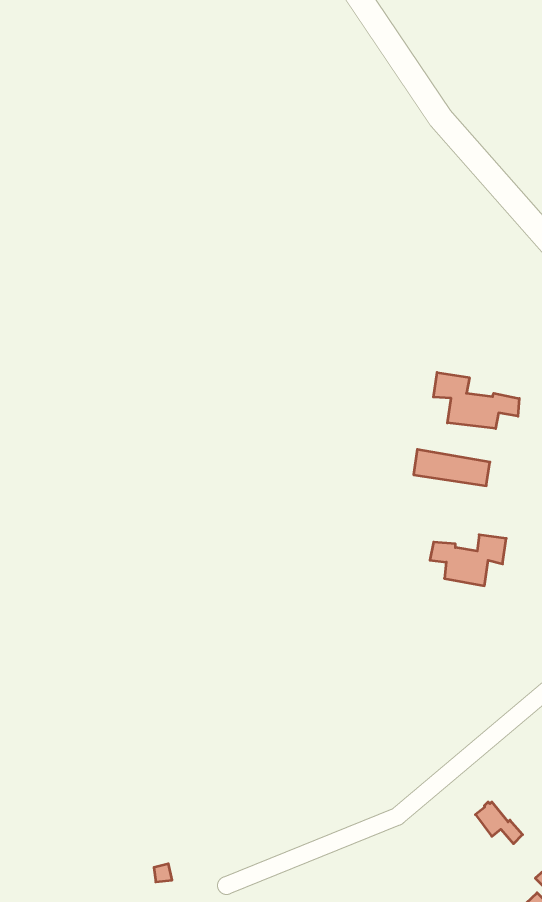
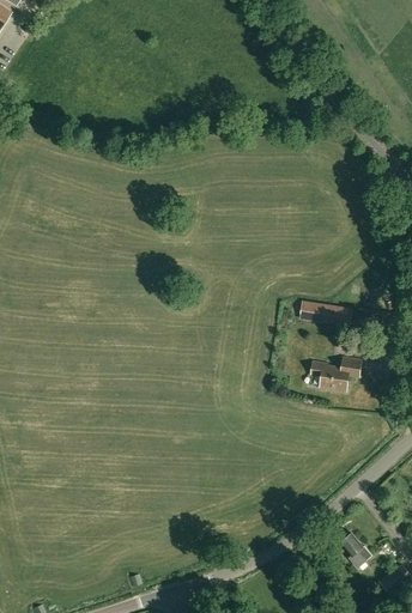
building: [433,372,519,429] -> none

